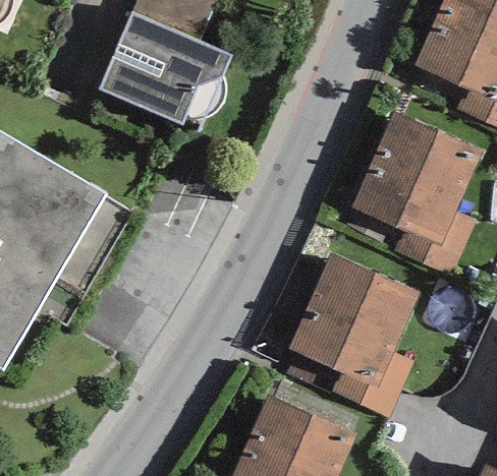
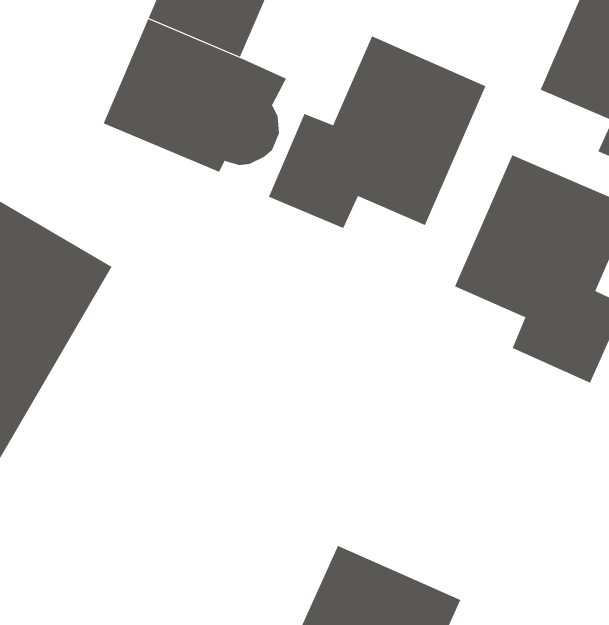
building: none -> [268,35,486,229]
building: [287,254,419,417] -> none

